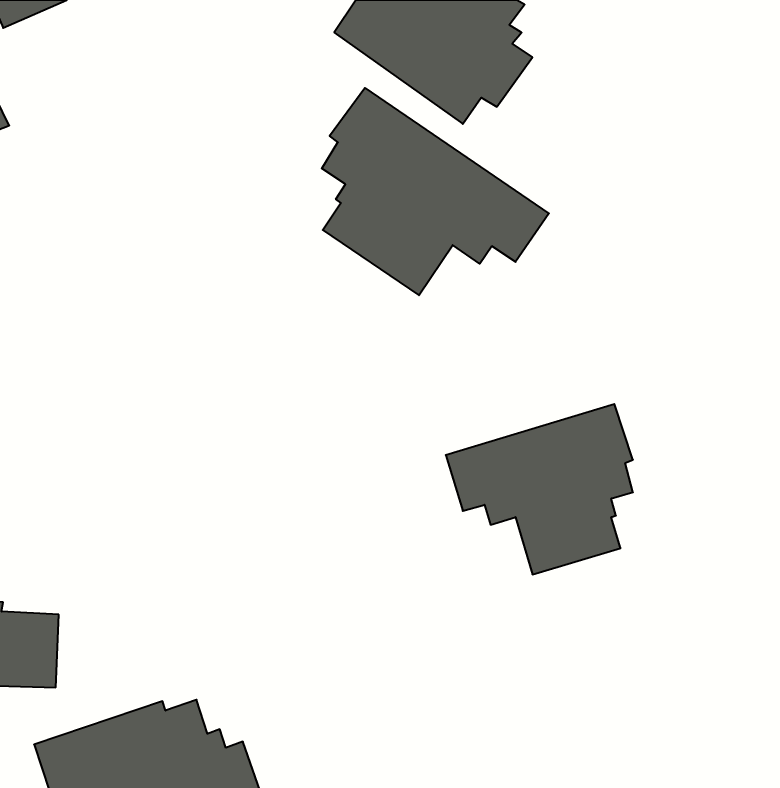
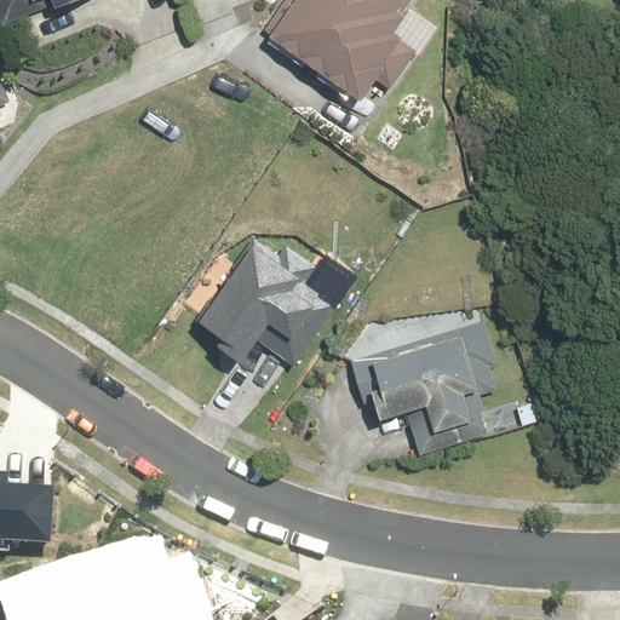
building: [322,88,549,295] -> none
building: none -> [194,235,332,364]

